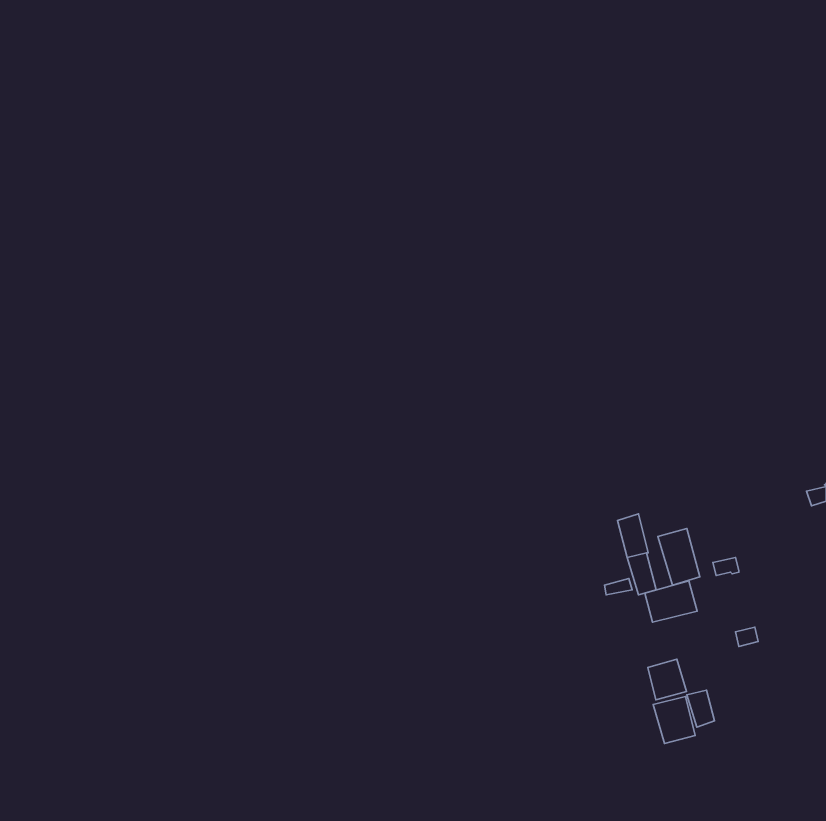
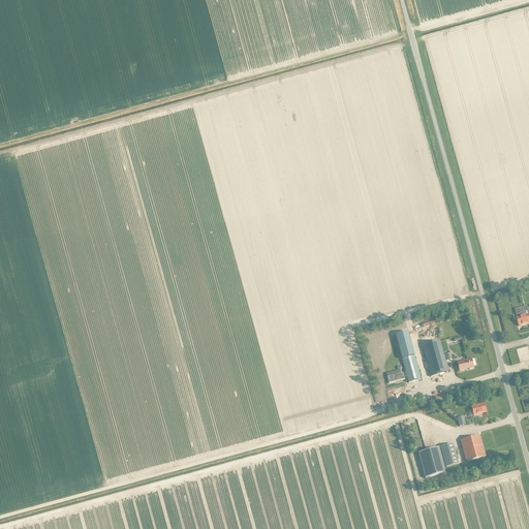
building: [645,581,697,622] -> none
building: [648,659,686,700] -> [460,433,485,459]

